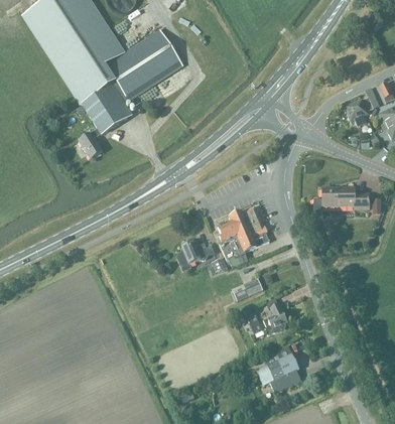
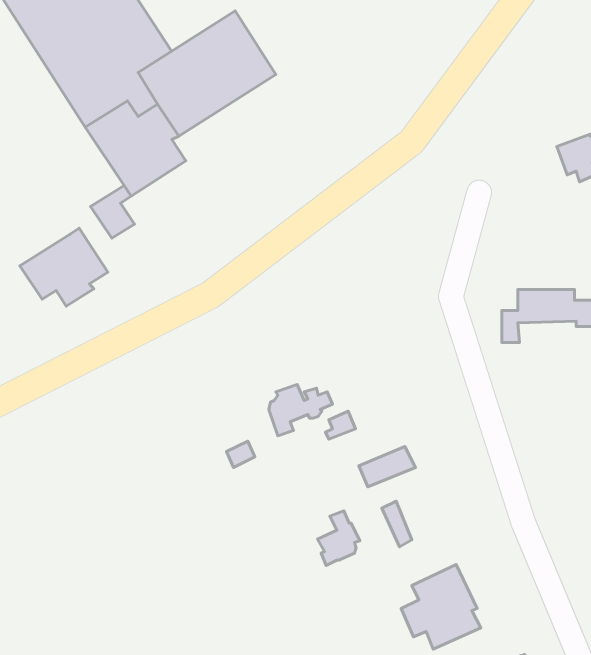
building: none -> [20,228,108,306]
building: [219,207,270,267] -> none
building: [262,304,286,335] -> [317,511,360,566]

